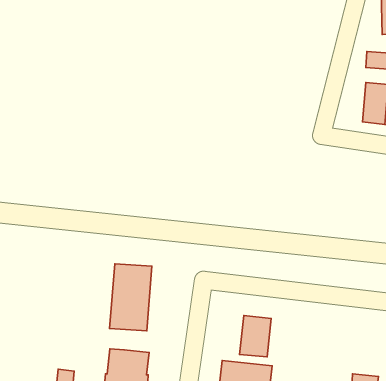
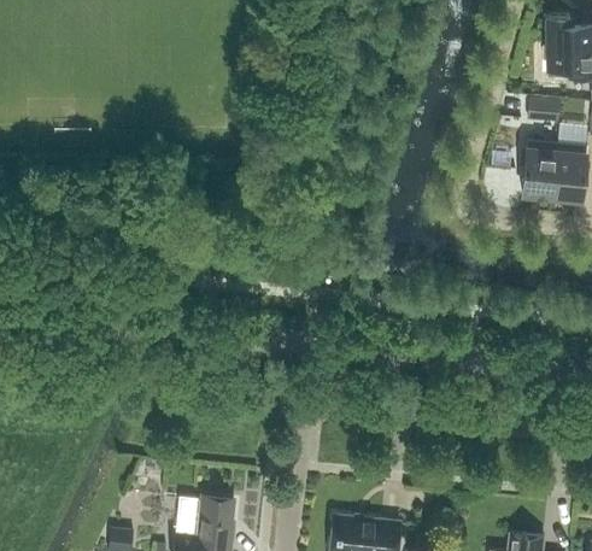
building: [110,264,152,331] -> none
building: [240,315,271,357] -> none

